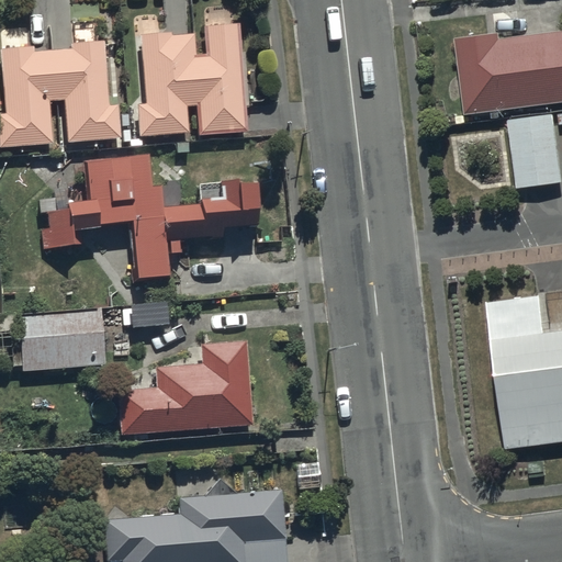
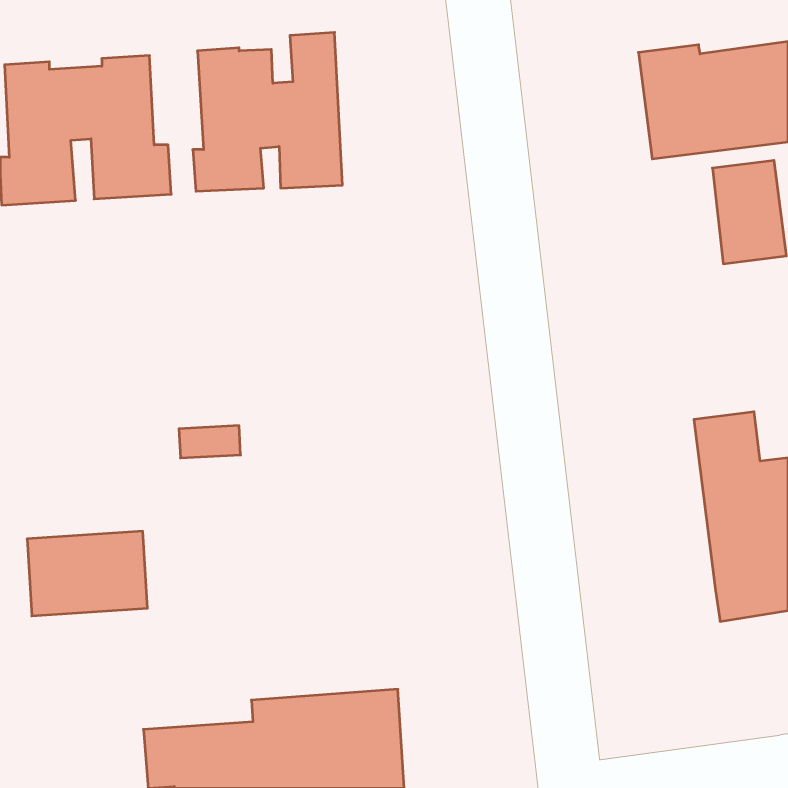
building: [44,158,260,278] -> none
building: [20,310,105,370] -> [27,531,147,616]
building: [117,340,255,435] -> none

